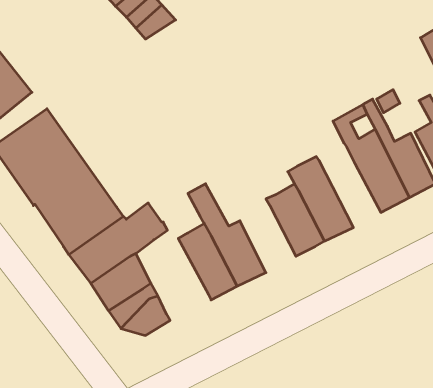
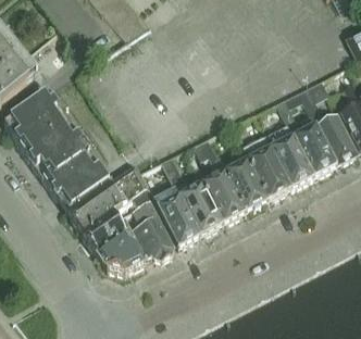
building: none -> [266,120,315,184]
building: none -> [196,134,248,219]
building: none -> [135,185,177,255]

